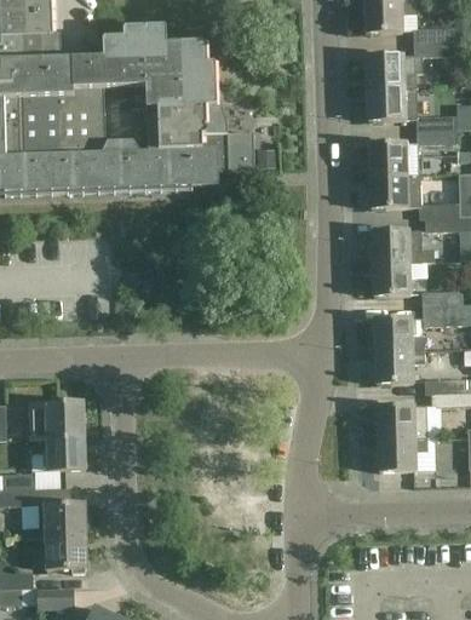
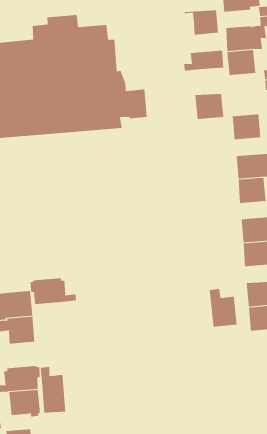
building: none -> [184,9,218,35]
building: none -> [184,50,224,71]
building: [368,142,407,176] -> [194,93,224,119]
building: none -> [30,277,77,305]
building: none -> [209,288,237,327]
building: none -> [40,366,66,414]

